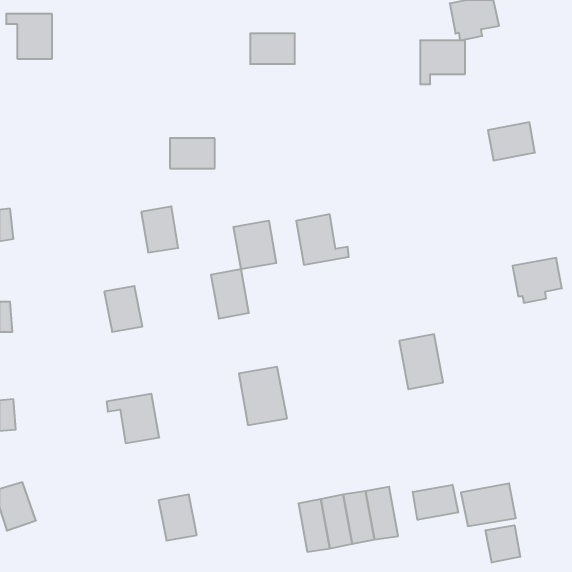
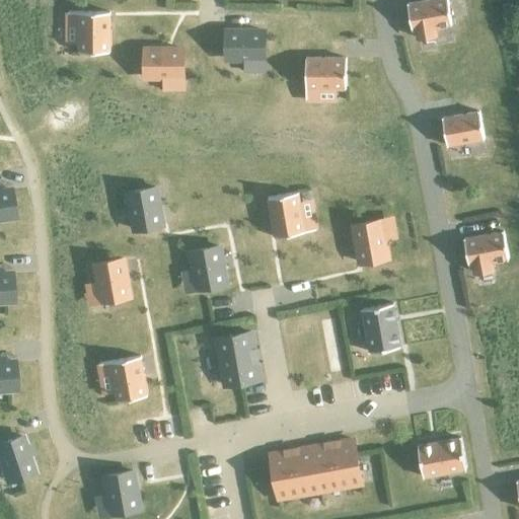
building: [6,14,52,59] -> [68,12,109,53]
building: [420,40,465,84] -> [305,61,346,100]
building: [170,138,215,168] -> [145,50,186,77]
building: [234,221,276,269] -> none
building: none -> [353,220,386,263]
building: [413,485,458,520] -> none
building: [159,495,197,541] -> [104,471,139,513]
building: [486,525,520,563] -> none

